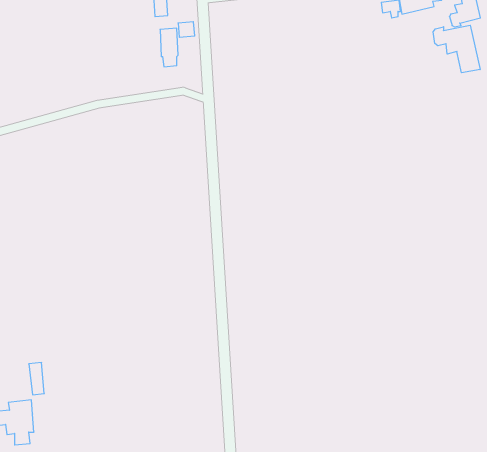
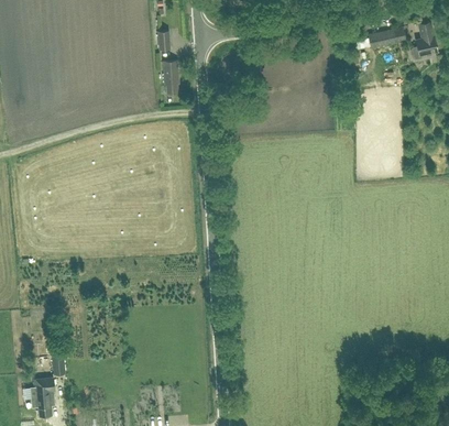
building: [433,25,480,73] -> none

